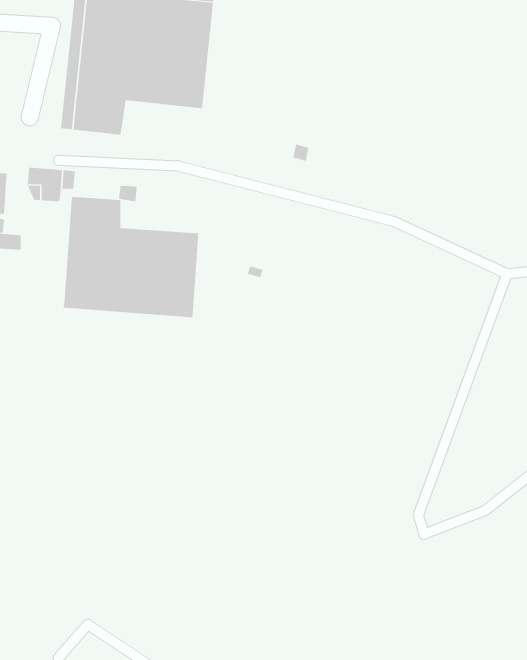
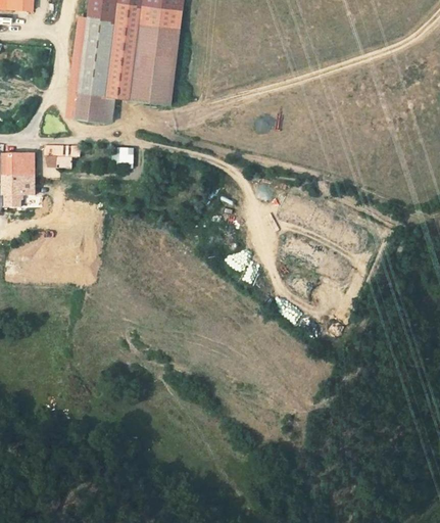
building: [63,196,199,318] -> none

